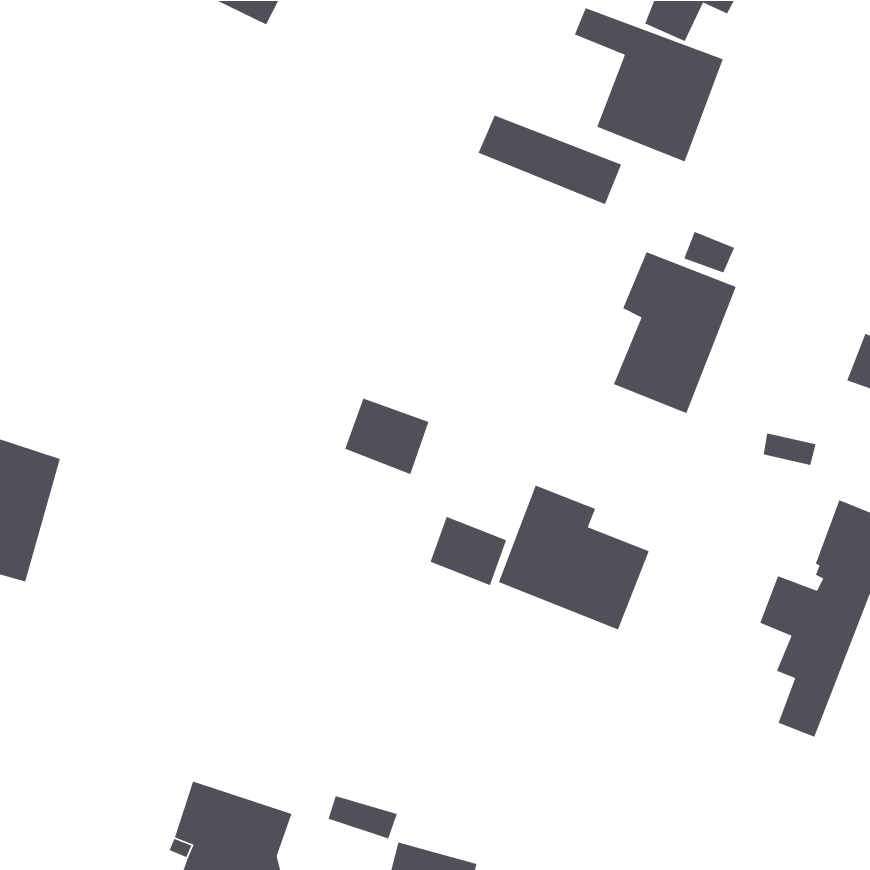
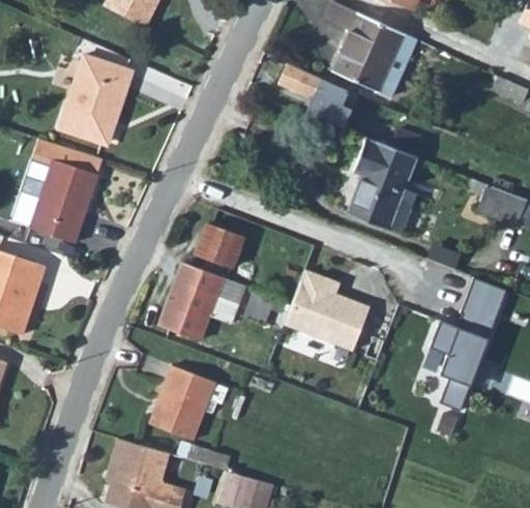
building: none -> [52,50,123,139]
building: none -> [24,132,96,235]
building: none -> [159,262,246,342]
building: none -> [151,365,229,440]

